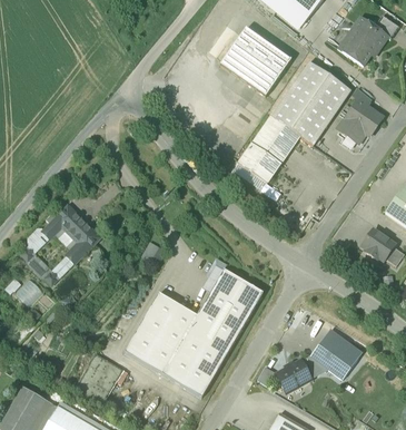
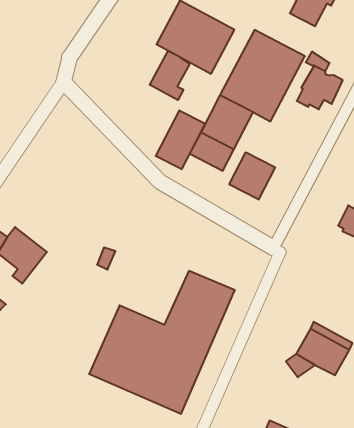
building: none -> [150,51,189,100]
building: none -> [156,110,205,169]
building: none -> [229,152,275,200]
building: [276,360,309,391] -> none

